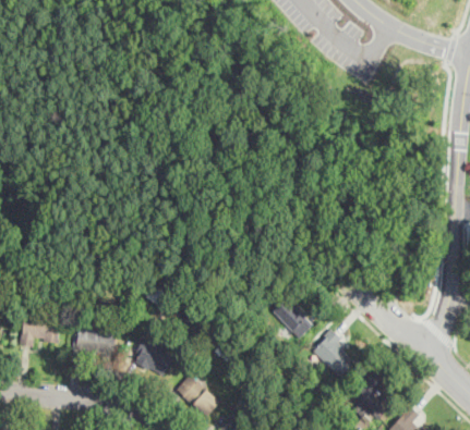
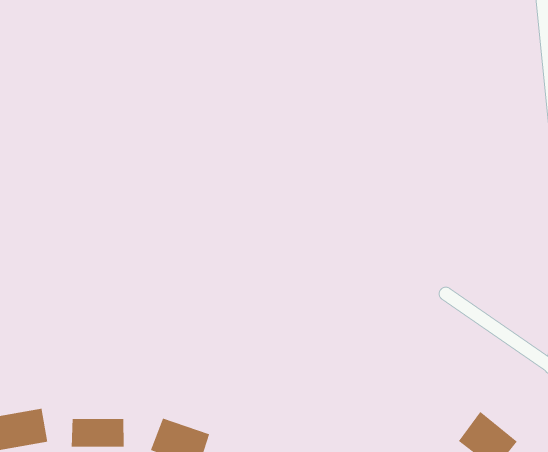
building: [273,298,314,340] -> none
building: [312,330,355,379] -> none

